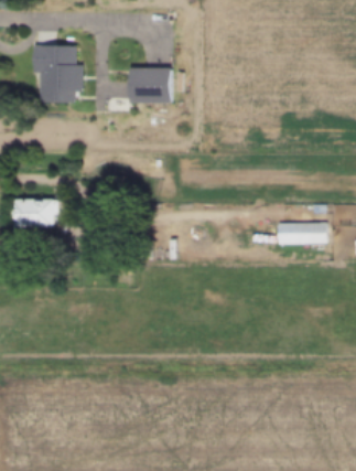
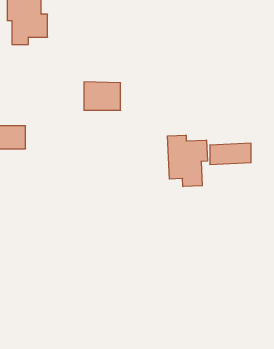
building: [129,68,173,103] -> [84,82,121,110]
building: none -> [168,135,207,187]

